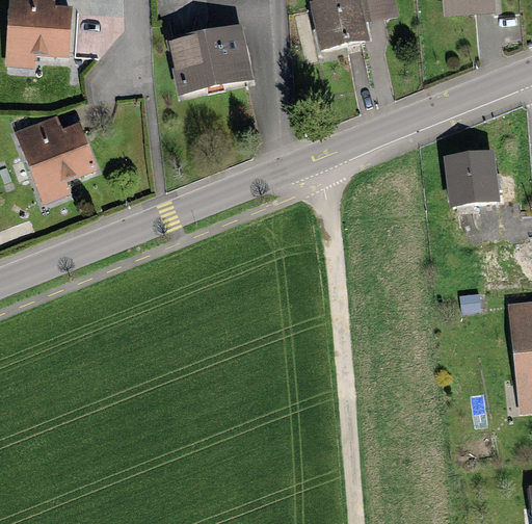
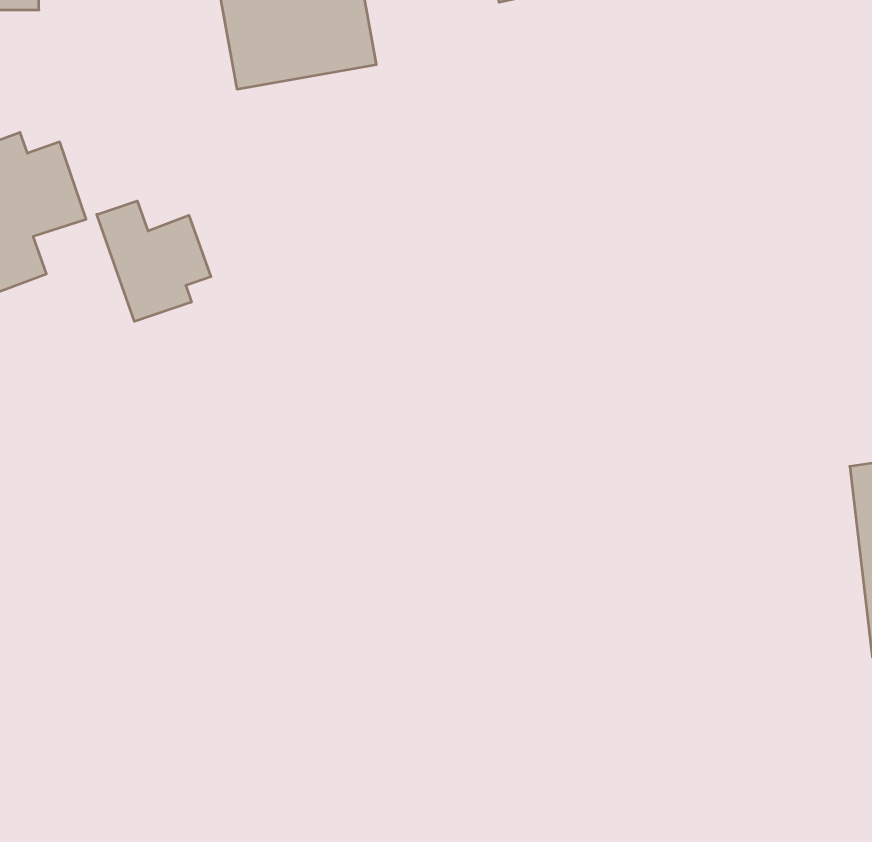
building: [449,151,499,201] -> none
building: none -> [97,201,211,321]

